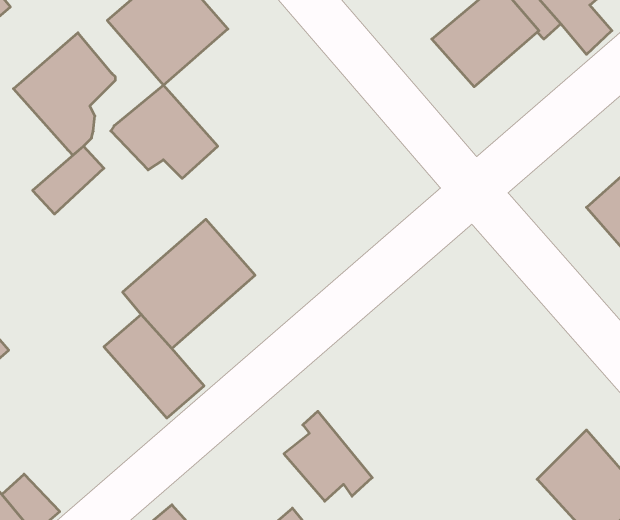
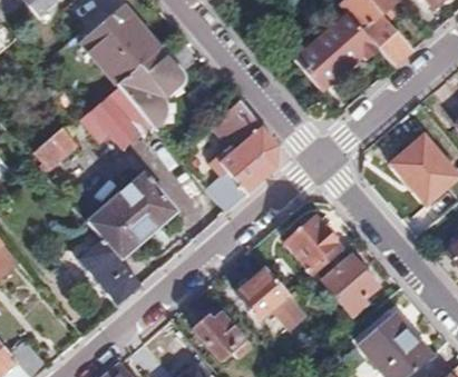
building: [13,33,115,155] -> [116,49,183,129]
building: none -> [188,100,280,210]
building: none -> [290,217,339,267]
building: none -> [325,256,379,310]
building: none -> [238,266,291,317]

